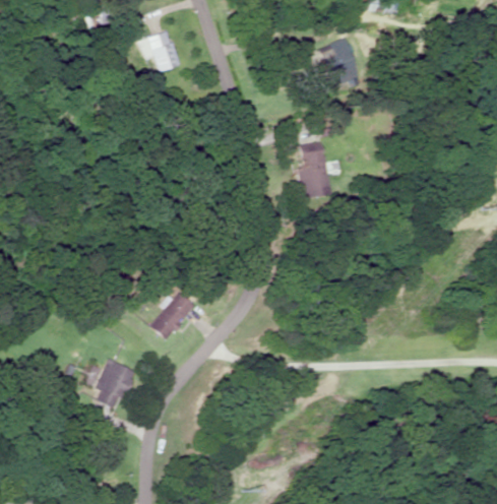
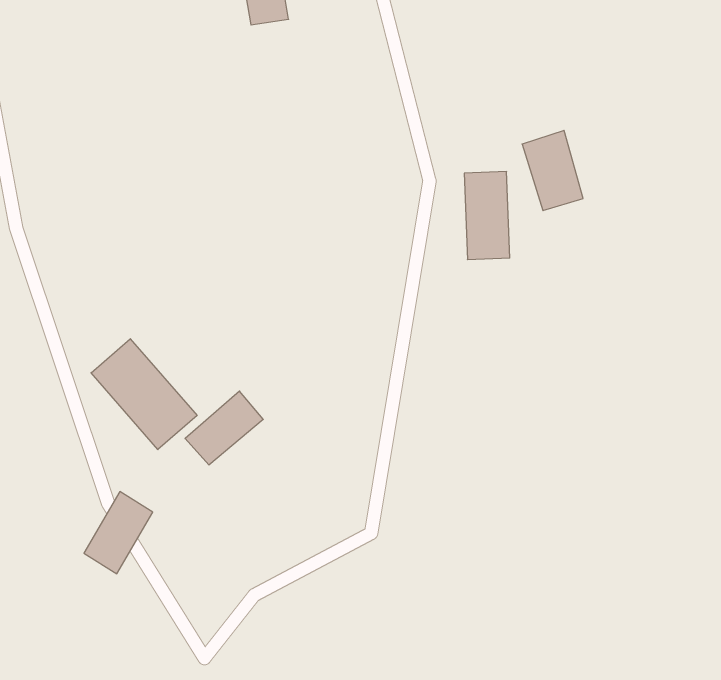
building: [318,38,359,87] -> [522,130,583,211]
building: none -> [91,339,197,450]

